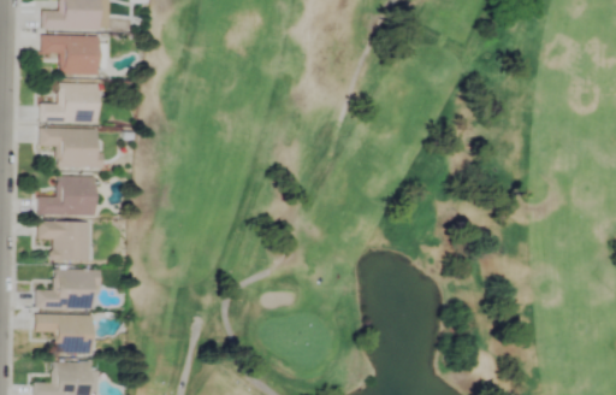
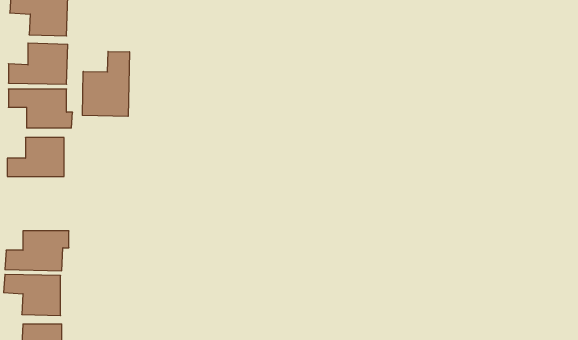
building: none -> [82,51,129,116]
building: [40,222,90,261] -> none

